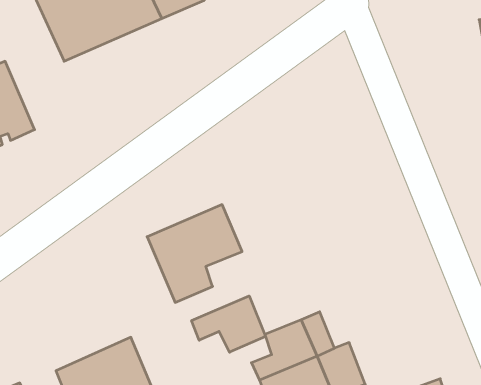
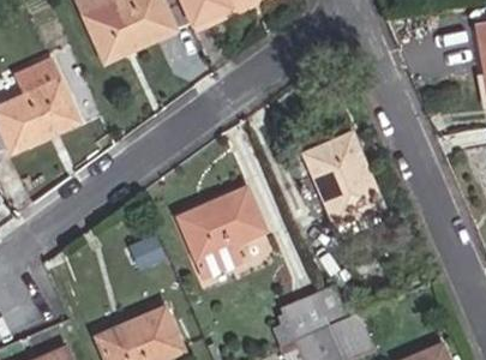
building: none -> [305,134,380,224]
building: [192,296,265,352] -> none

